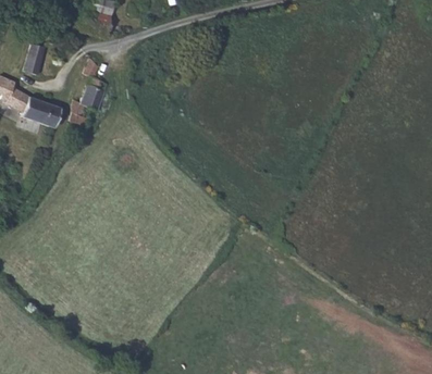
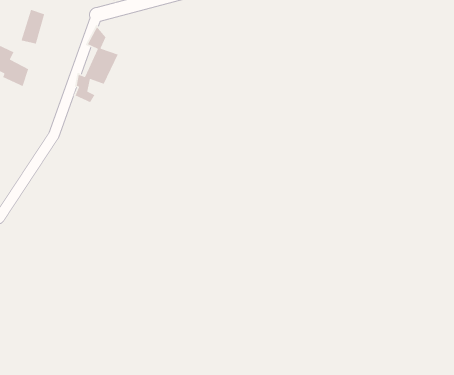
building: [23,96,63,127] -> none

